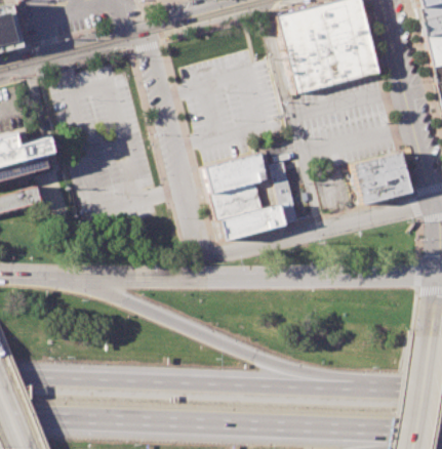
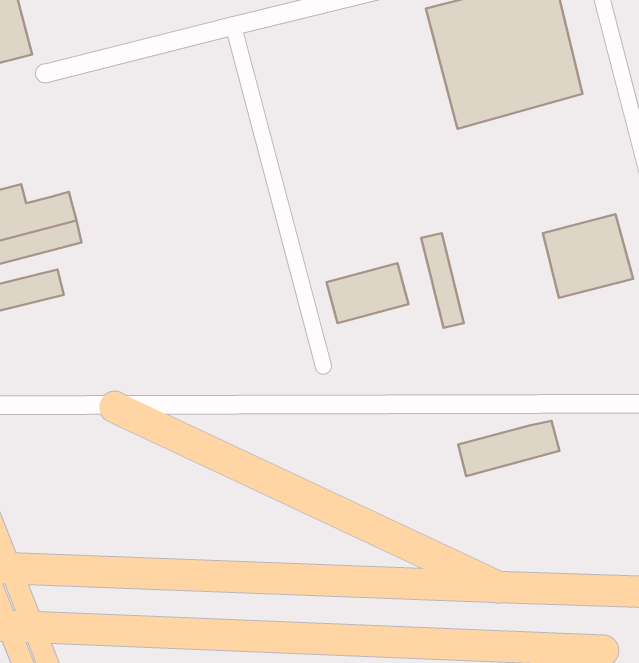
building: [207,154,270,194] -> none
building: [220,205,286,241] -> [458,421,559,476]

